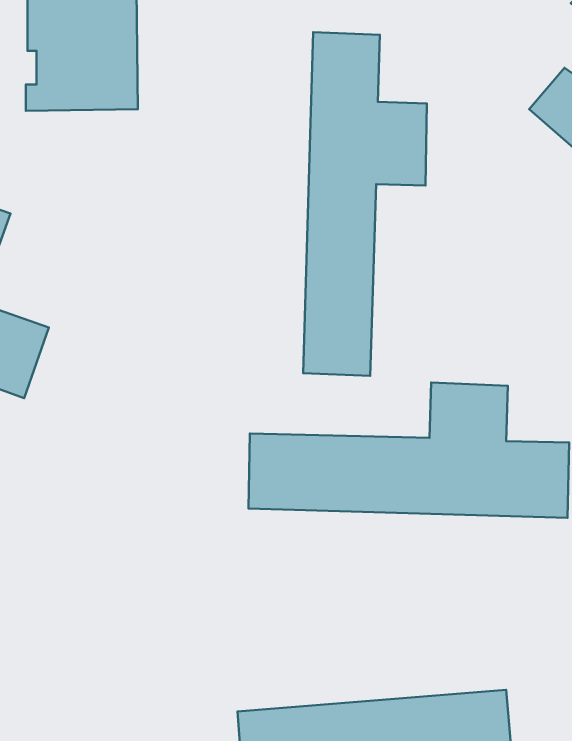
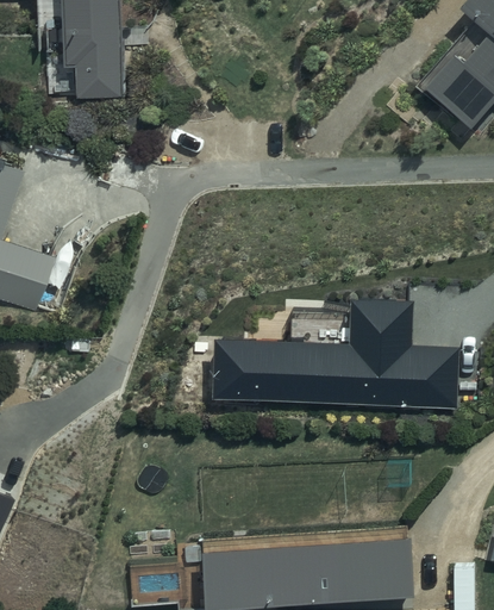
building: [303,32,427,376] -> none

